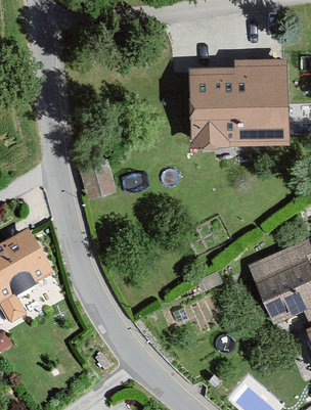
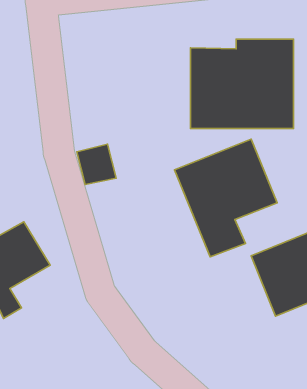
building: none -> [175,139,277,257]

